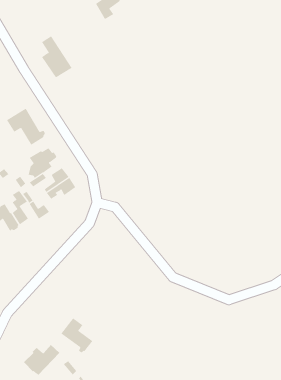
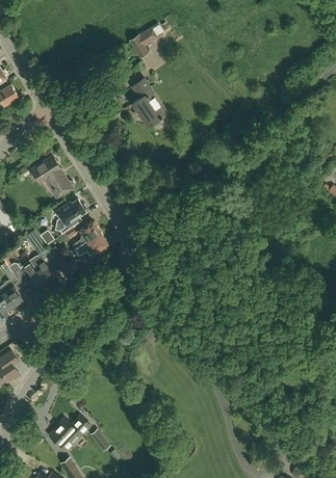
building: [41,36,72,78] -> [133,79,167,126]
building: [60,317,93,353] -> none

